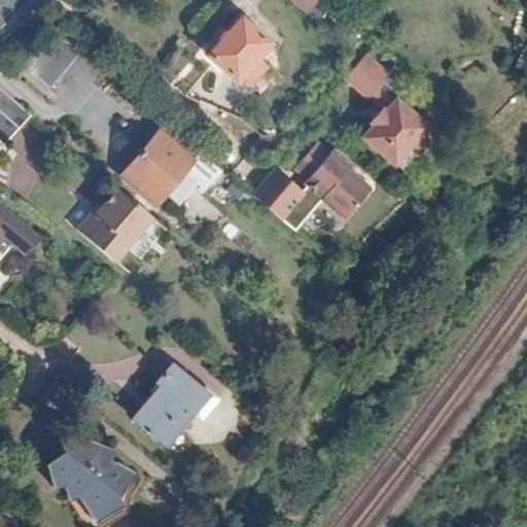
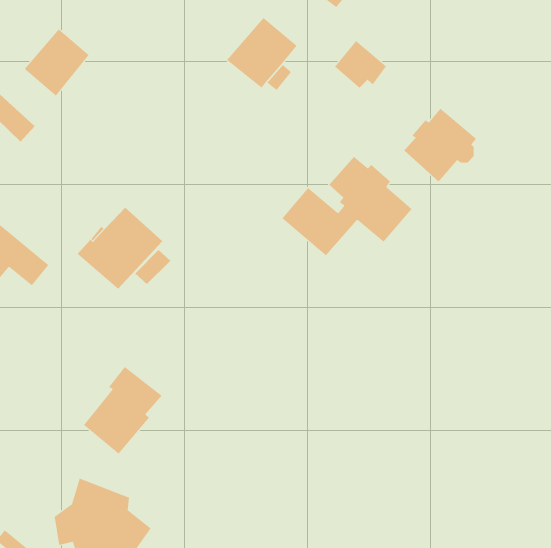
building: [347,55,394,98] -> [334,40,387,88]
building: [119,132,190,205] -> none
building: [135,366,206,446] -> [83,366,162,455]

